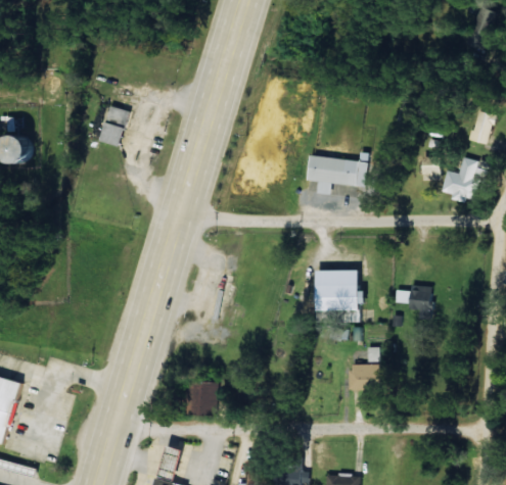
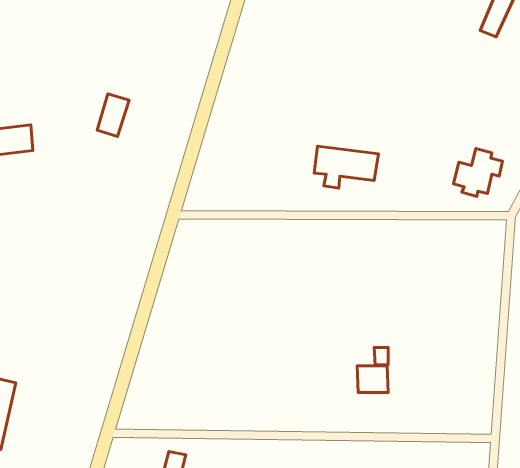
building: [467,110,494,145] -> none
building: [314,274,362,310] -> none
building: [394,286,430,320] -> none
building: [195,382,216,416] -> none

